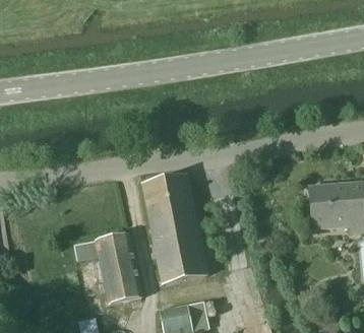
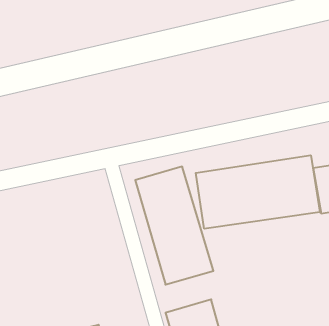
building: none -> [196,155,320,229]
building: [74,232,141,303] -> none

